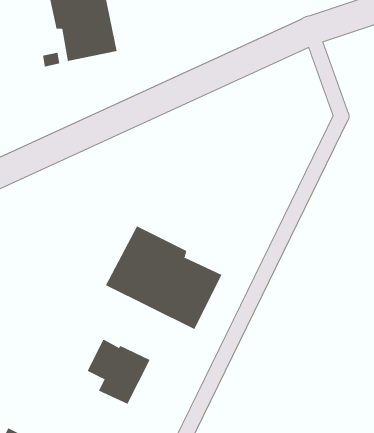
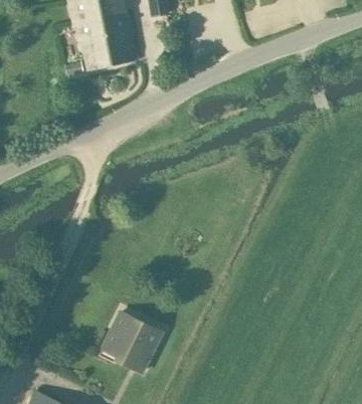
building: [105,225,222,330] -> none

